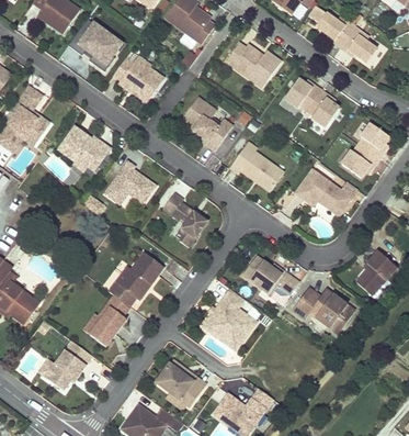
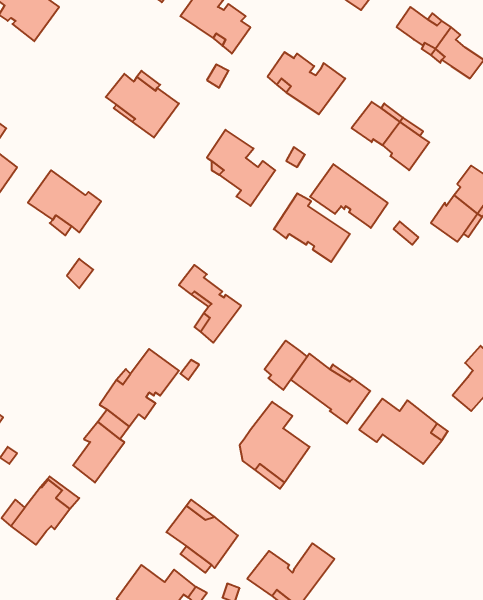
building: [68,18,125,71] -> none
building: [103,160,155,202] -> none
building: [295,169,350,214] -> [310,164,388,228]
building: none -> [265,341,307,390]

